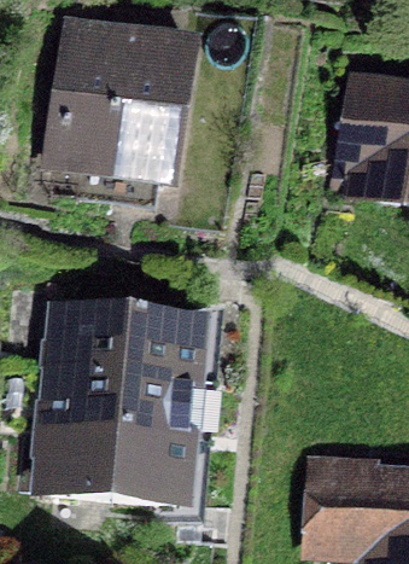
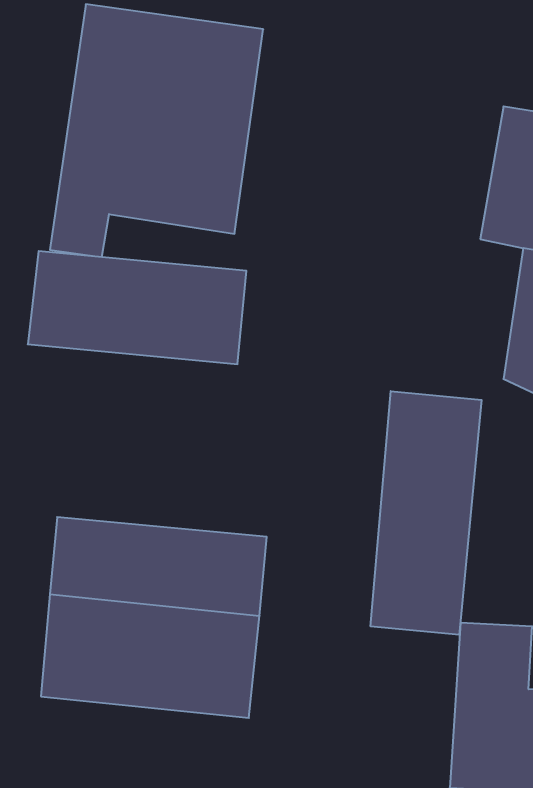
building: none -> [371,391,482,635]
building: [52,301,199,377] -> [28,251,246,364]

